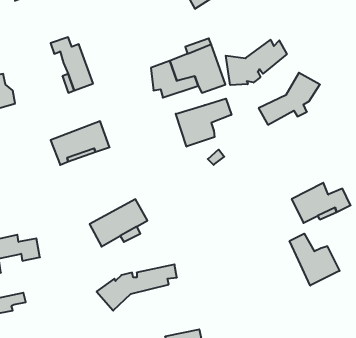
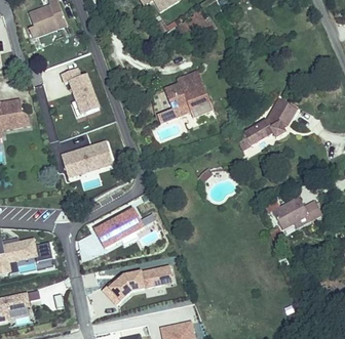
building: [226,40,287,85] -> none
building: [176,99,231,147] -> none
building: [290,234,340,286] -> none

